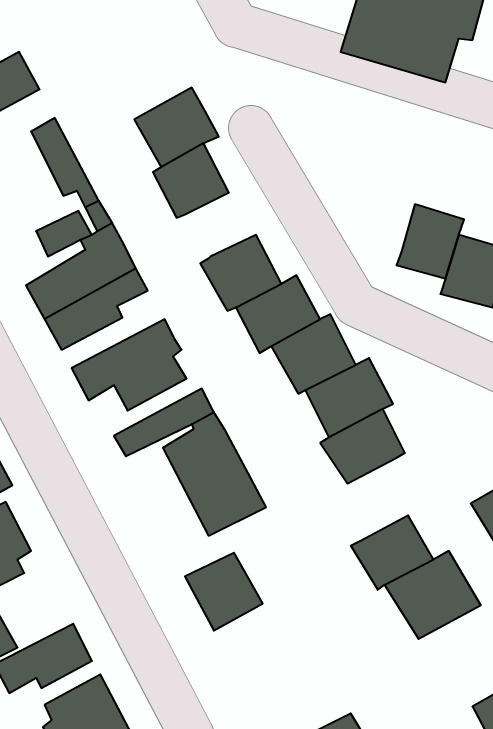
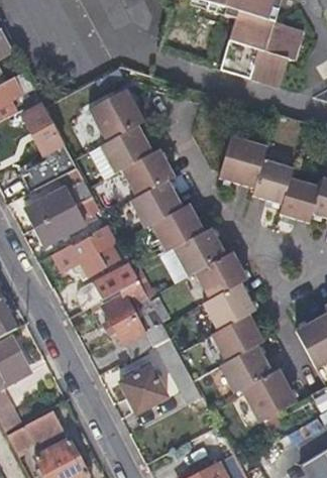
building: none -> [217,138,261,188]
building: none -> [121,147,172,192]
building: none -> [209,311,262,360]

